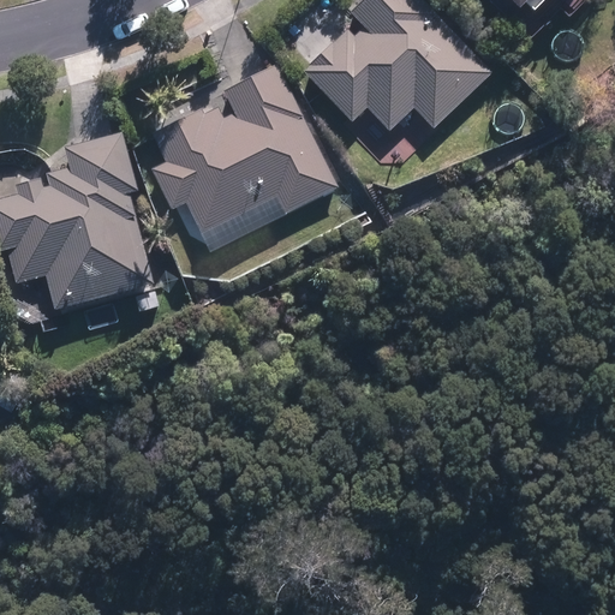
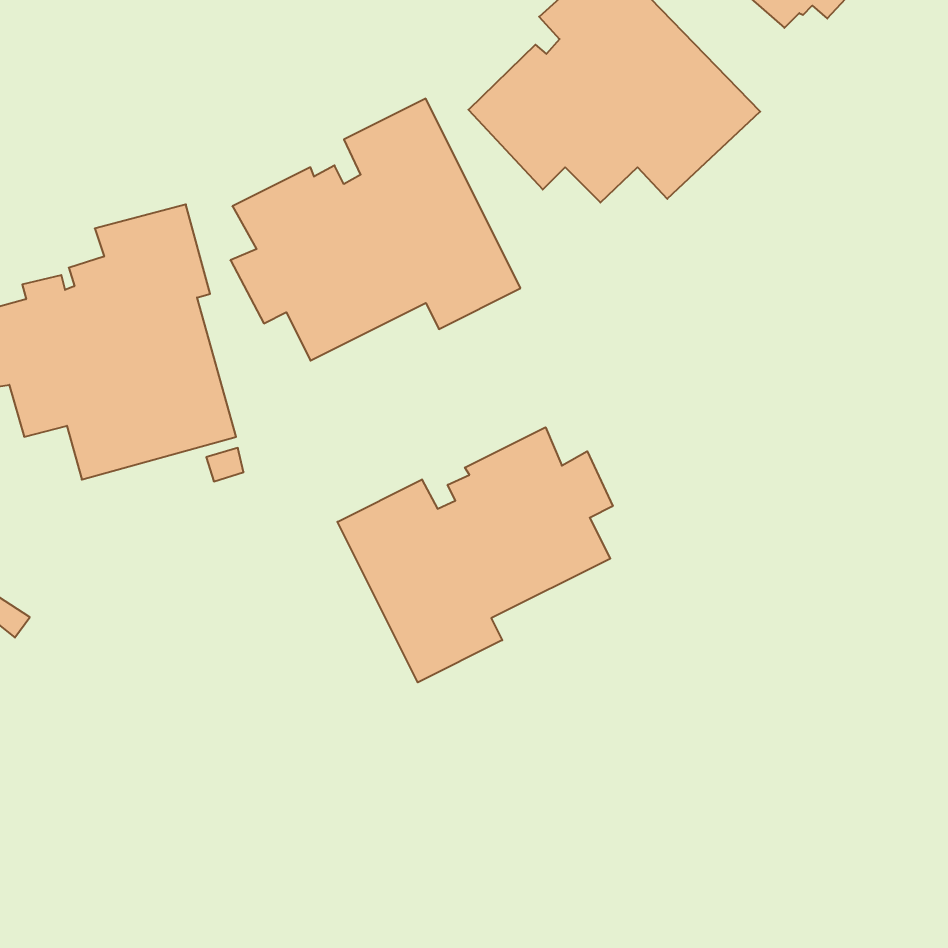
building: none -> [337,427,613,682]

